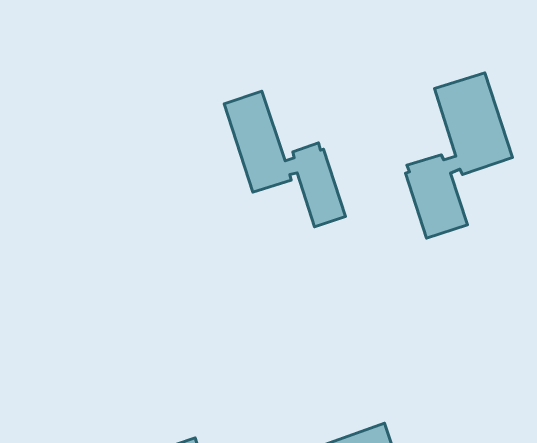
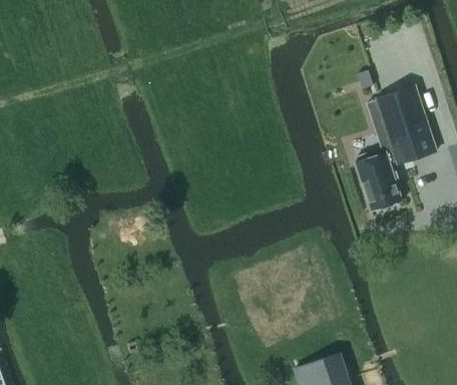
building: [224,91,345,227] -> none

